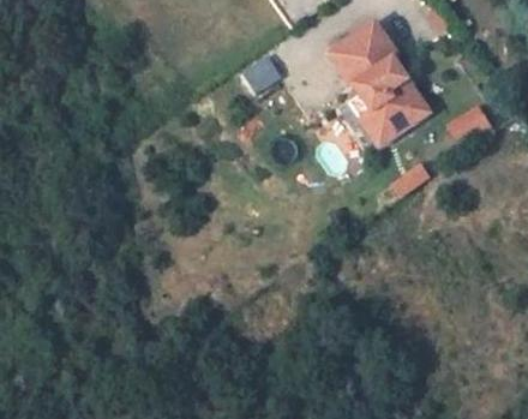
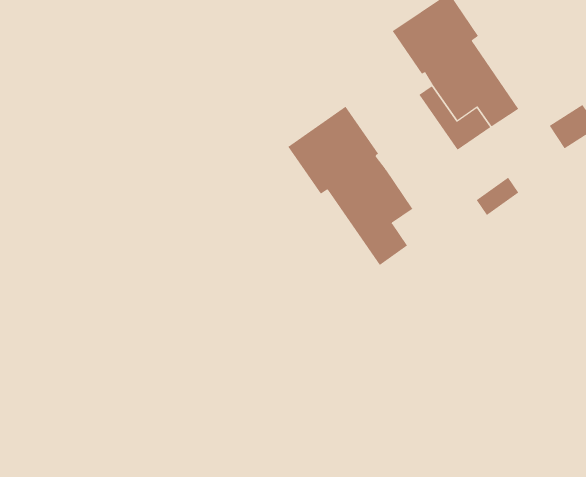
building: none -> [288,106,413,266]

